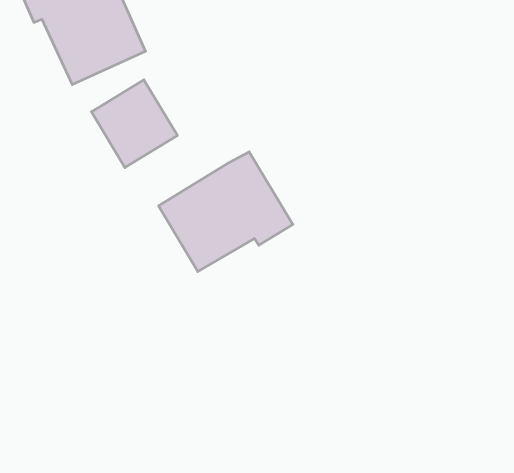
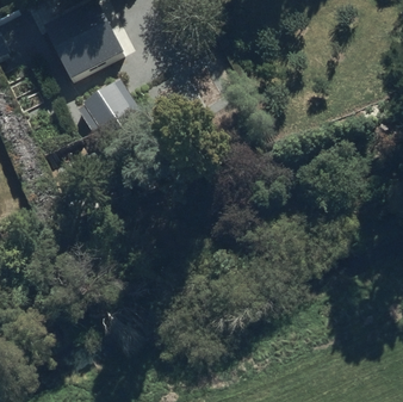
building: [159,152,293,272] -> none

